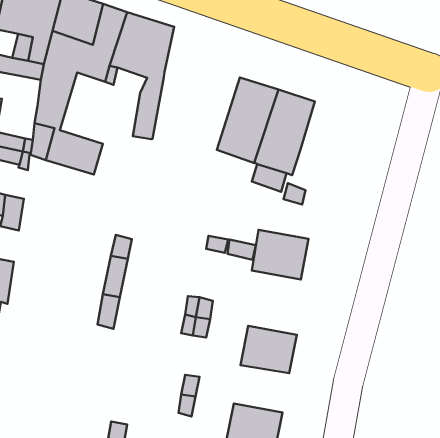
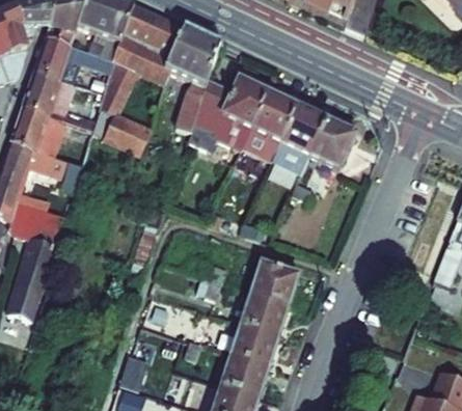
building: none -> [187,66,268,152]
building: none -> [309,118,357,170]
building: [252,230,308,280] -> [249,261,298,305]
building: none -> [229,324,277,366]

